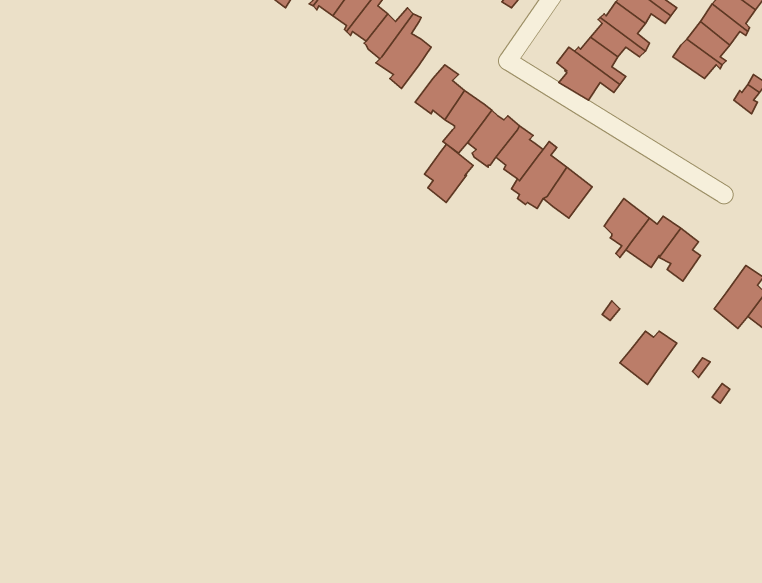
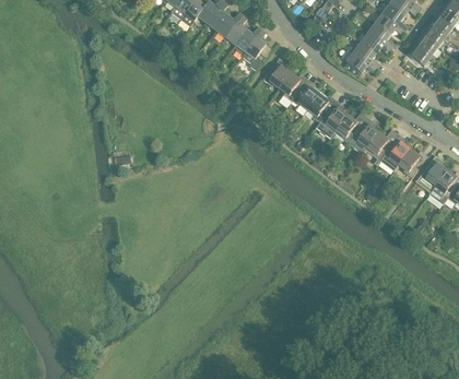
building: [425,144,473,203] -> none
building: none -> [349,123,379,152]
building: [620,331,677,384] -> [415,162,447,191]

